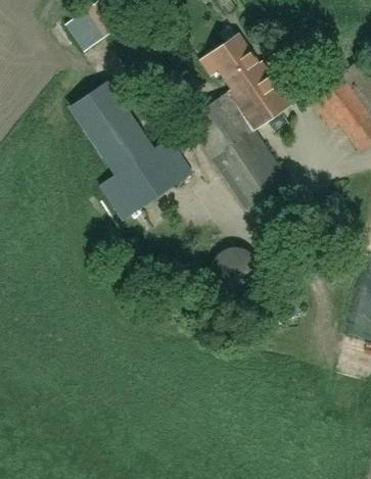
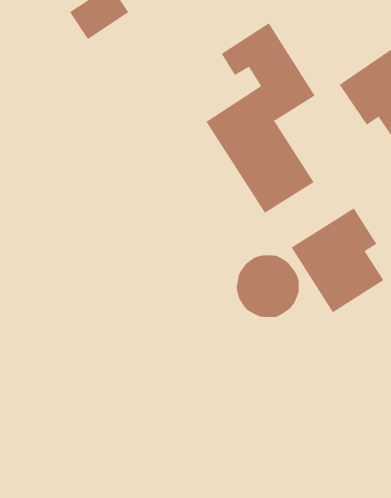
building: [73,85,195,220] -> none
building: none -> [291,207,384,313]

